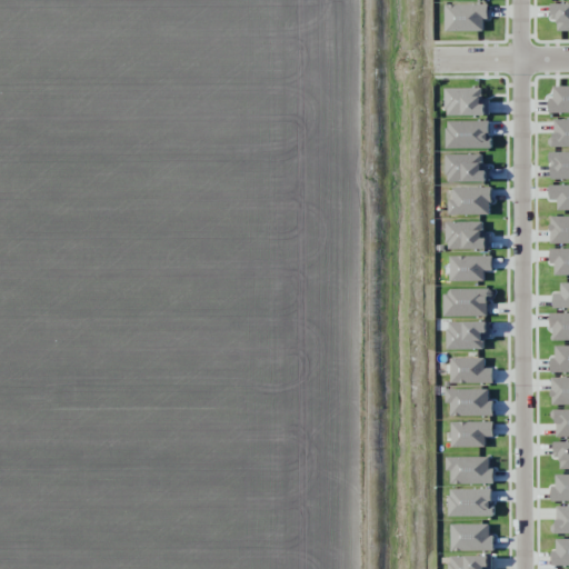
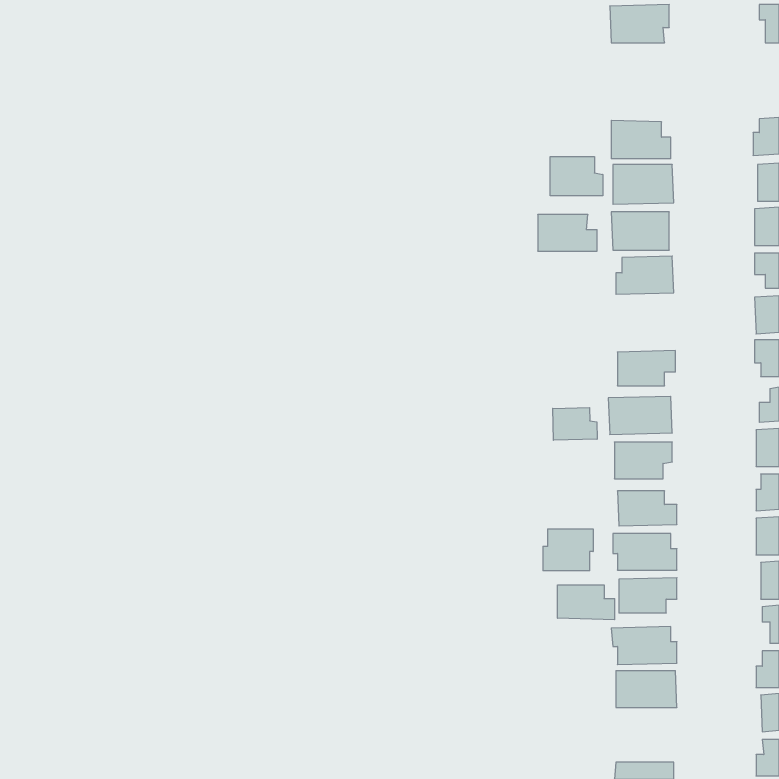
building: none -> [550,157,603,196]
building: [447,222,490,249] -> [538,215,597,251]
building: none -> [553,408,597,440]
building: none -> [543,529,593,571]
building: none -> [558,585,615,620]
building: [450,523,495,550] -> none

